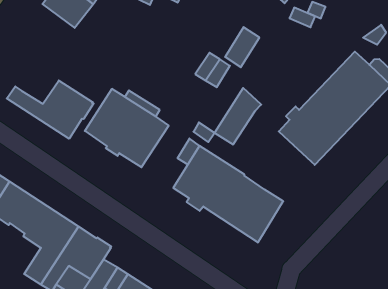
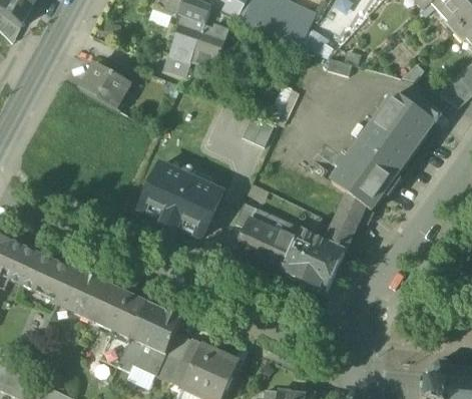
building: [7,80,94,139] -> none
building: [215,88,261,144] -> [325,192,367,250]

